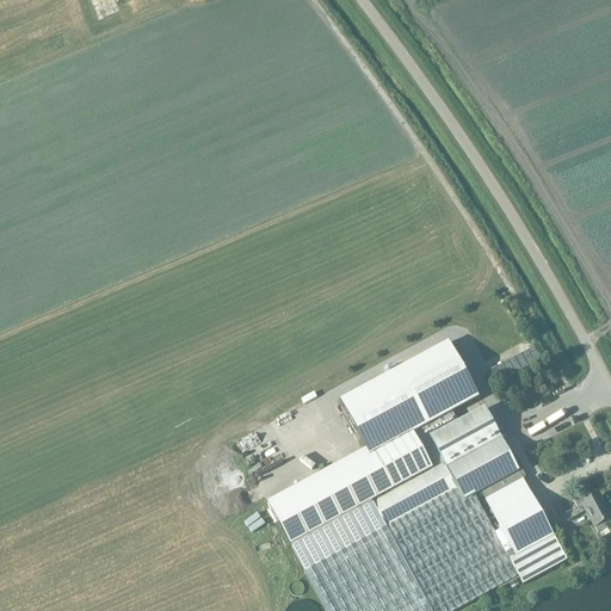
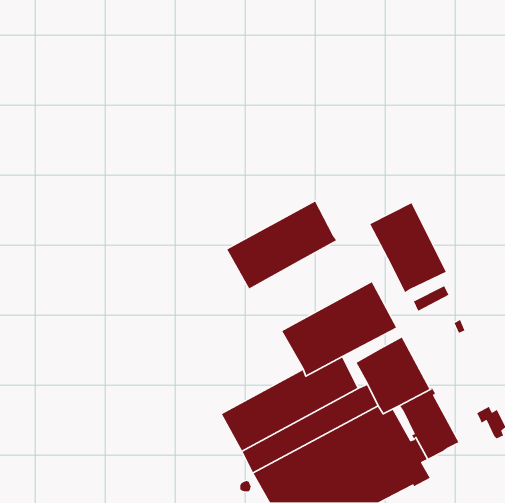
building: none -> [226,201,337,289]
building: none -> [369,202,447,293]
building: [414,409,459,468] -> none
building: [518,536,568,579] -> none

